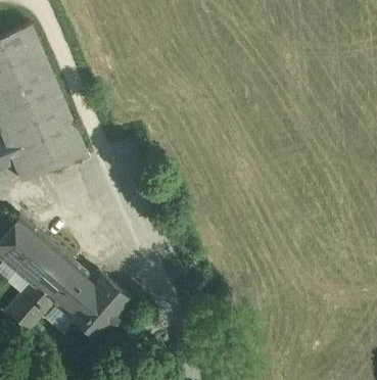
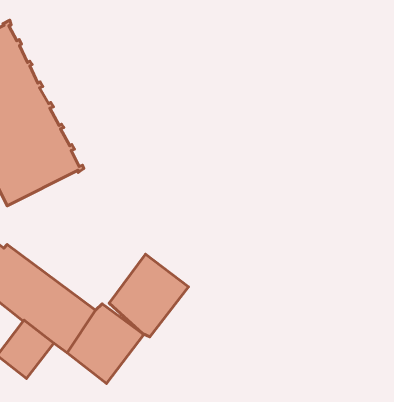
building: none -> [109,254,189,337]

